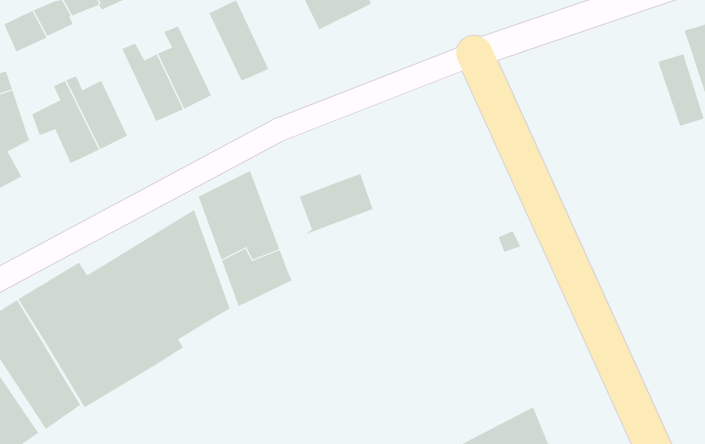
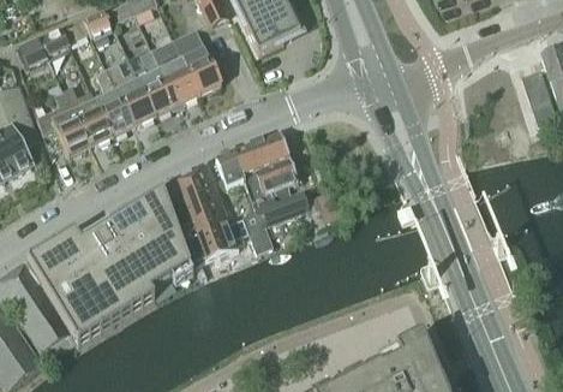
building: none -> [151,37,199,101]
building: none -> [94,65,133,132]
building: none -> [216,129,292,185]
building: none -> [229,189,307,250]

